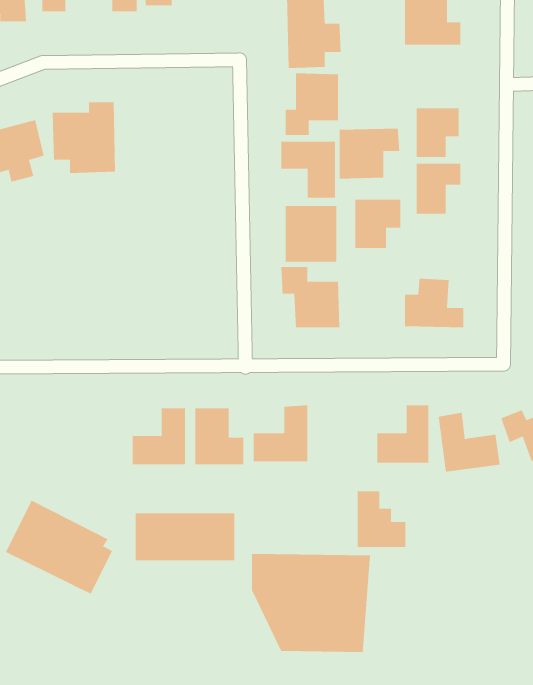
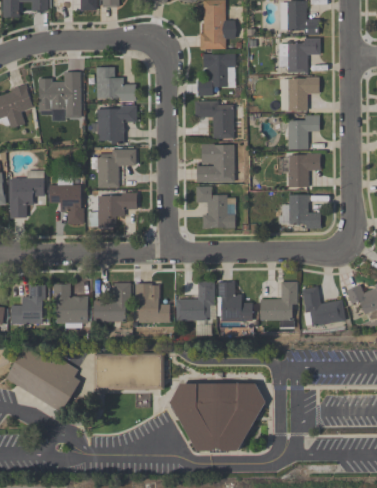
building: none -> [96,67,135,100]
building: [339,128,400,179] -> [279,38,321,73]
building: none -> [97,106,137,144]
building: [355,199,401,249] -> [288,153,320,187]
building: none -> [92,149,137,188]
building: none -> [9,170,44,218]
building: none -> [50,184,84,225]
building: none -> [97,193,137,228]
building: none -> [54,284,89,325]
building: none -> [11,285,46,325]
building: [357,491,406,548] -> [219,282,253,321]

